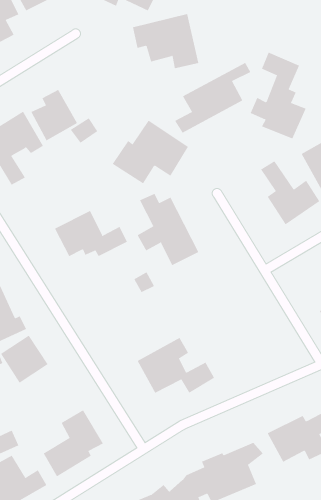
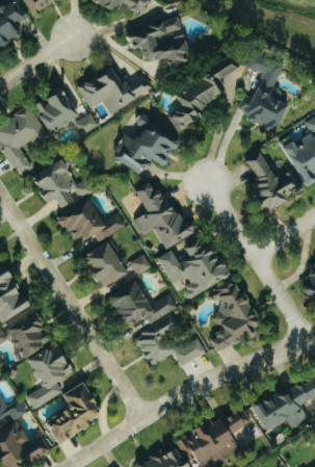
building: none -> [77,68,150,115]
building: none -> [32,161,90,210]
building: none -> [157,240,230,301]
building: none -> [82,241,127,289]
building: none -> [107,281,176,327]
building: none -> [210,282,260,355]
building: none -> [25,344,73,409]

